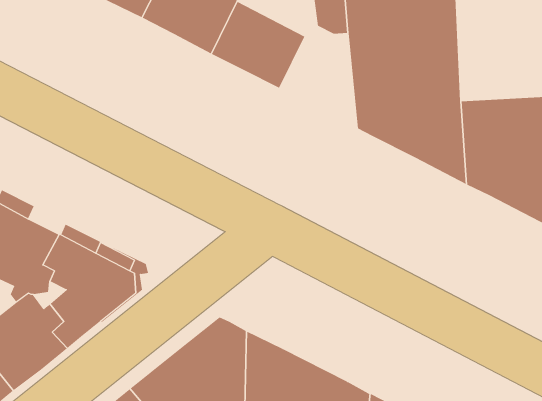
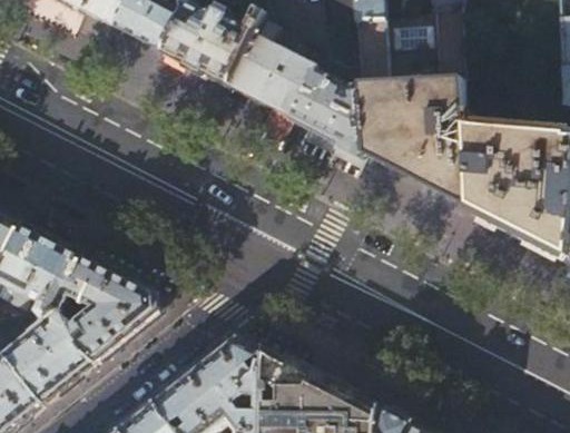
building: none -> [293,58,366,155]

